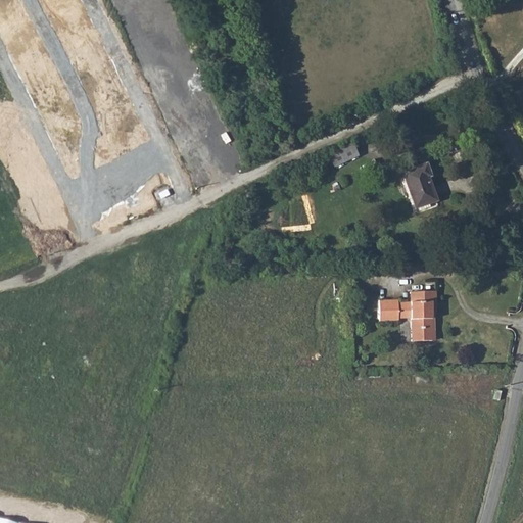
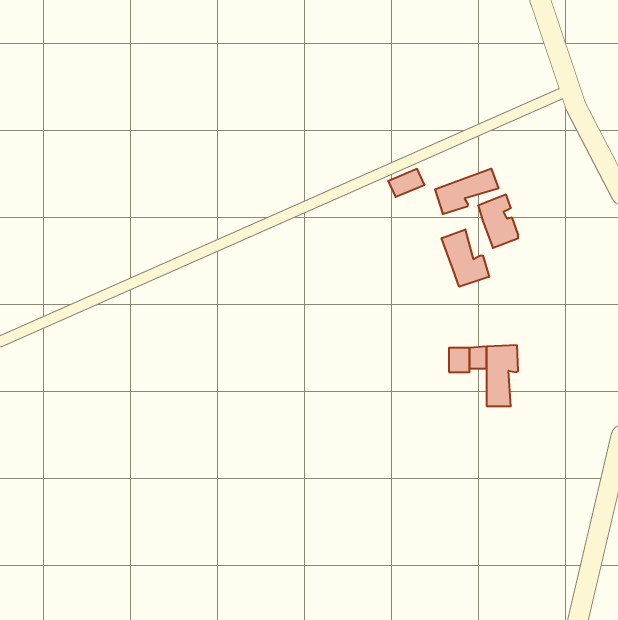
building: none -> [435,169,498,214]
building: none -> [442,229,489,287]

